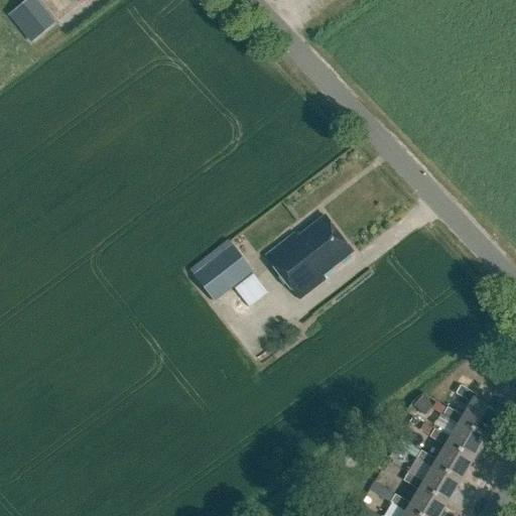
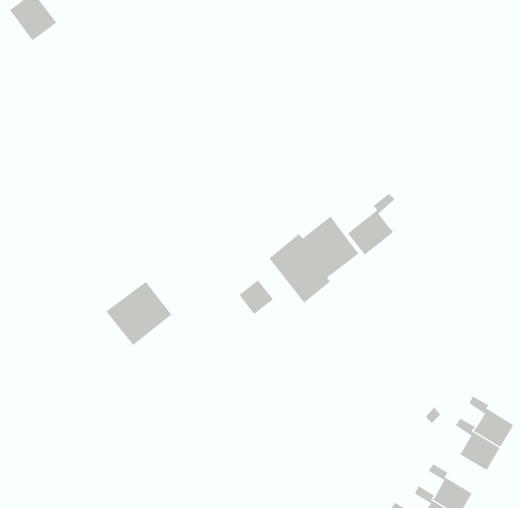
building: none -> [347,193,395,256]
building: [187,239,252,301] -> [106,281,172,346]
building: [429,429,474,481] -> none

